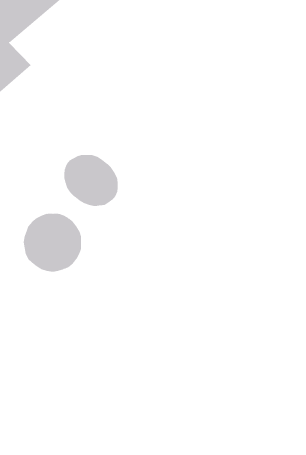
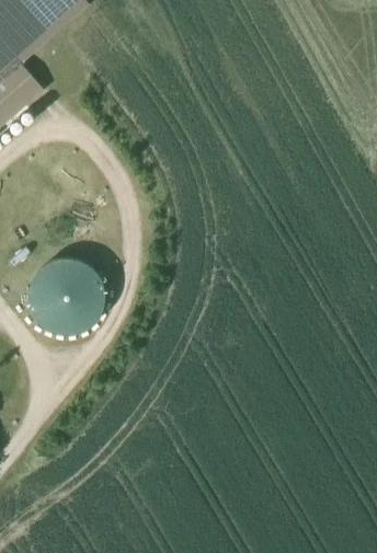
building: [64,154,118,207] -> none

